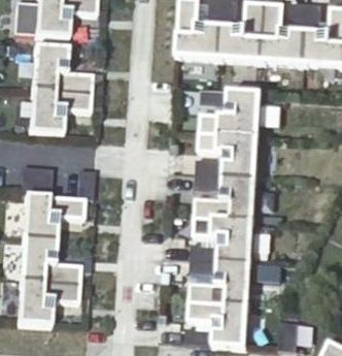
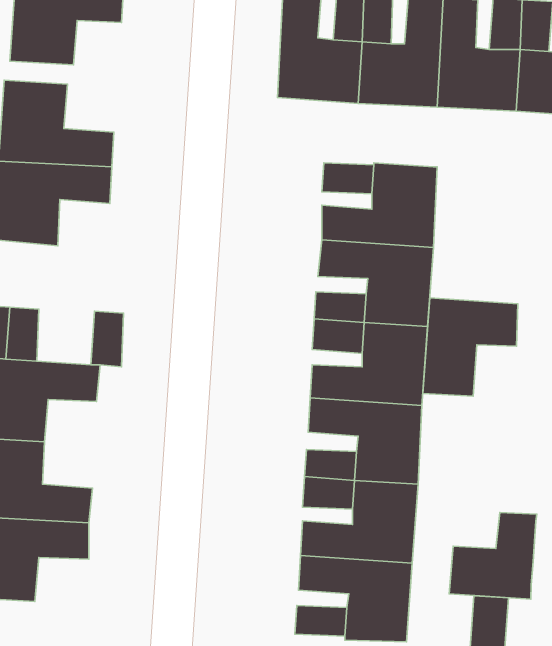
building: none -> [423,298,518,396]
building: none -> [449,513,537,599]

